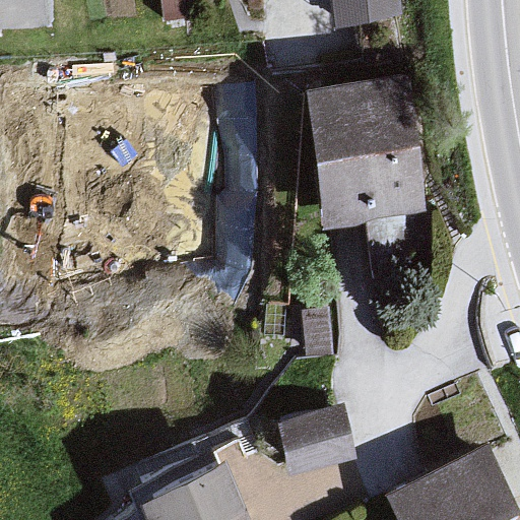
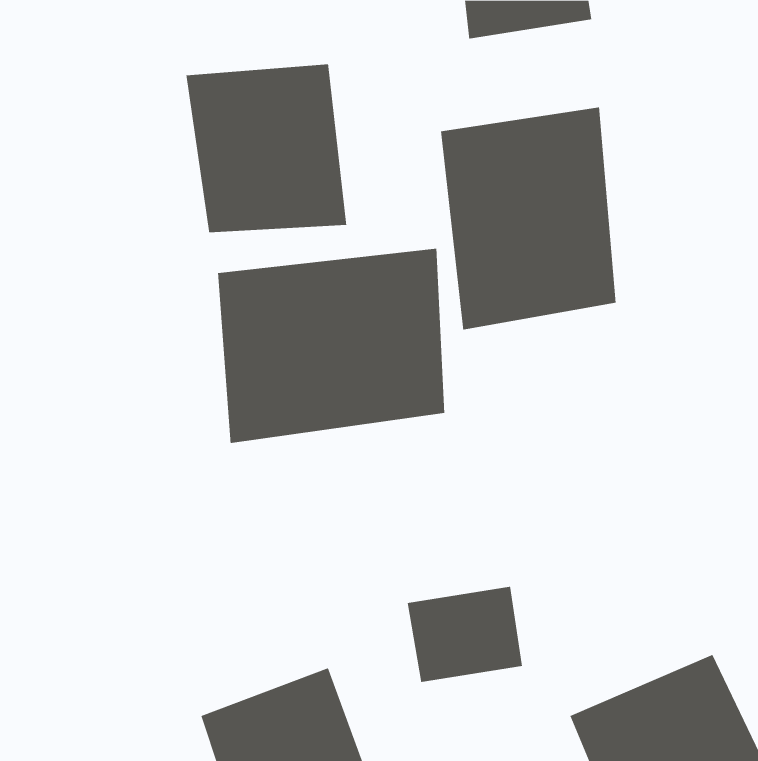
building: none -> [186,63,347,233]
building: none -> [217,248,445,444]

